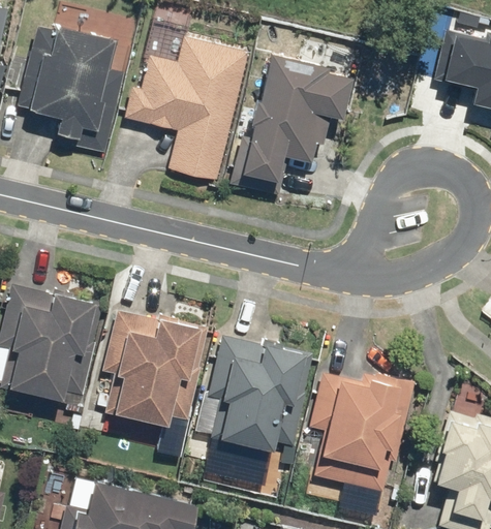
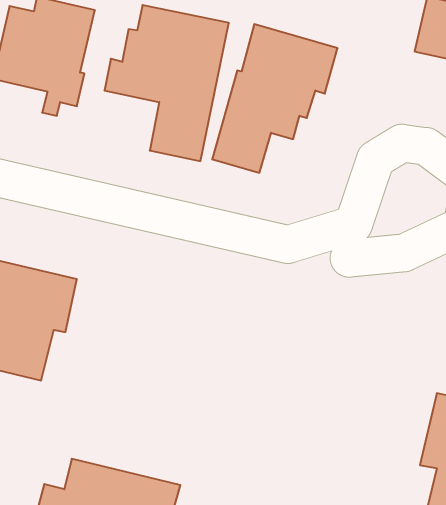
building: [99,309,205,429] -> none
building: [213,338,307,454] -> none
building: [312,373,423,495] -> none

